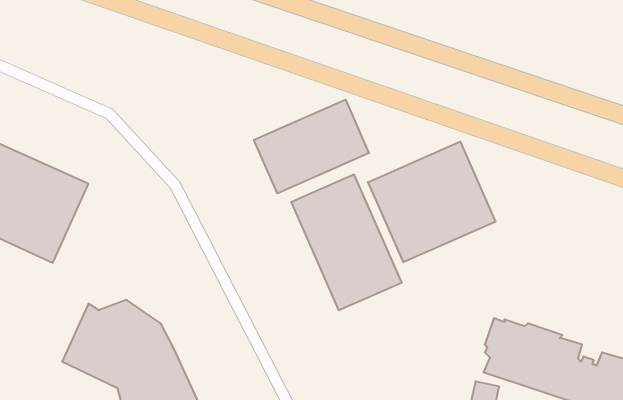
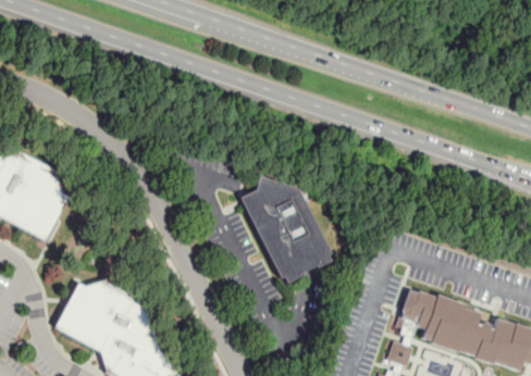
building: [254,100,369,193] -> none
building: [368,142,495,262] -> none

